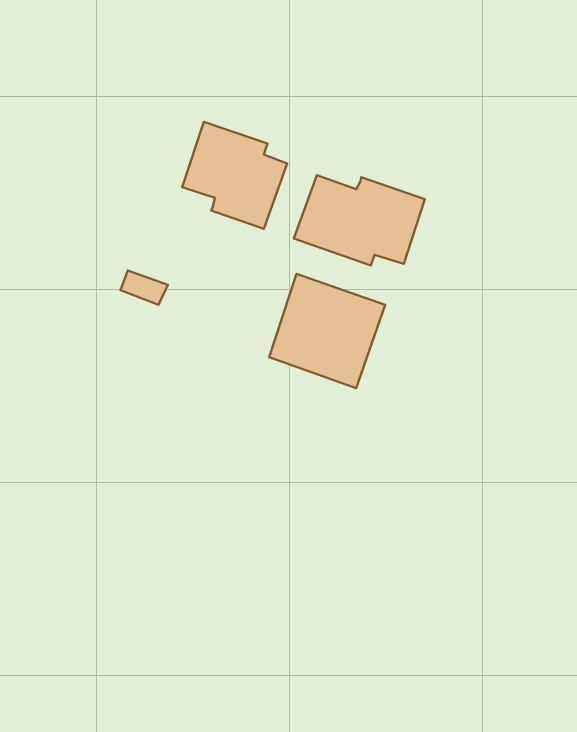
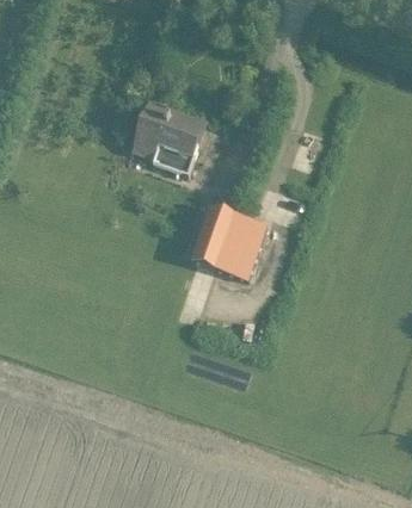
building: [294,175,425,265] -> none

